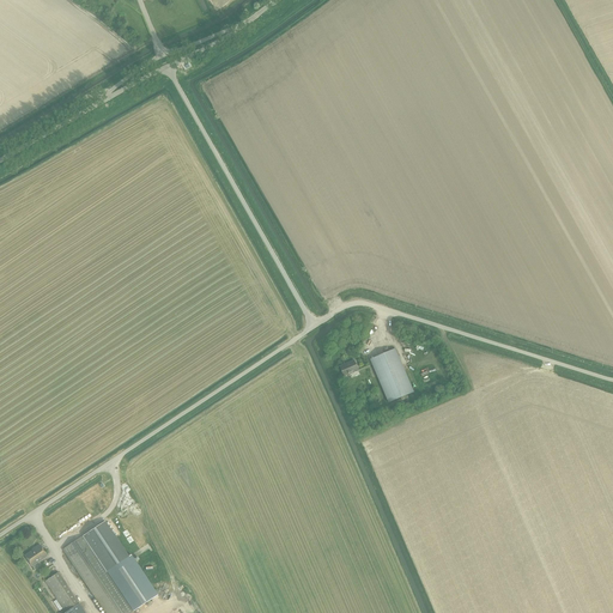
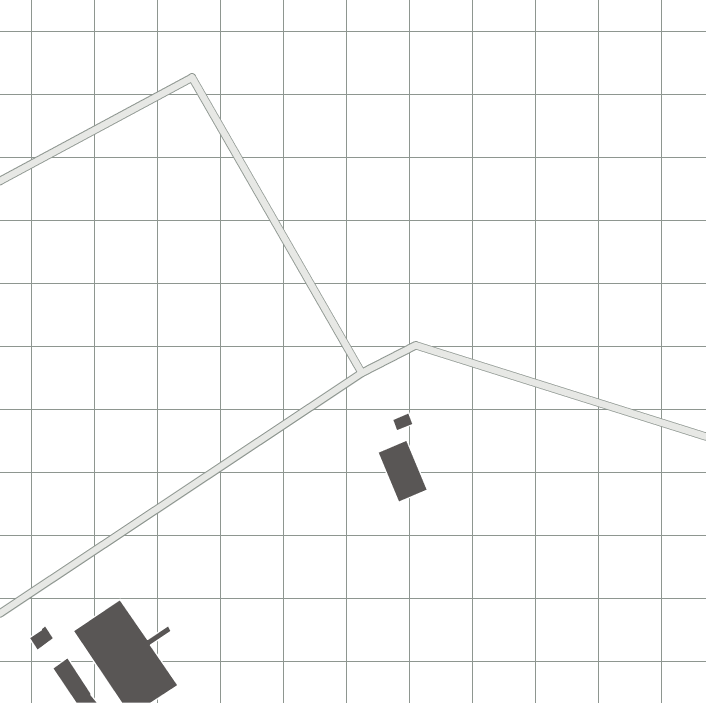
building: [370,346,413,400] -> [378,440,427,502]

